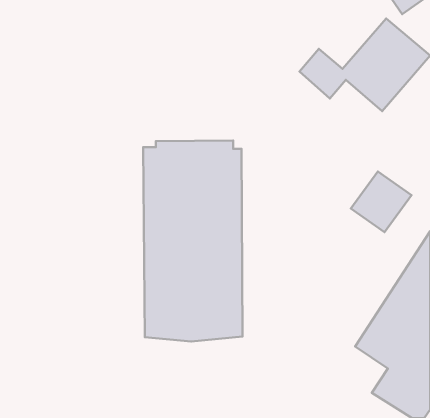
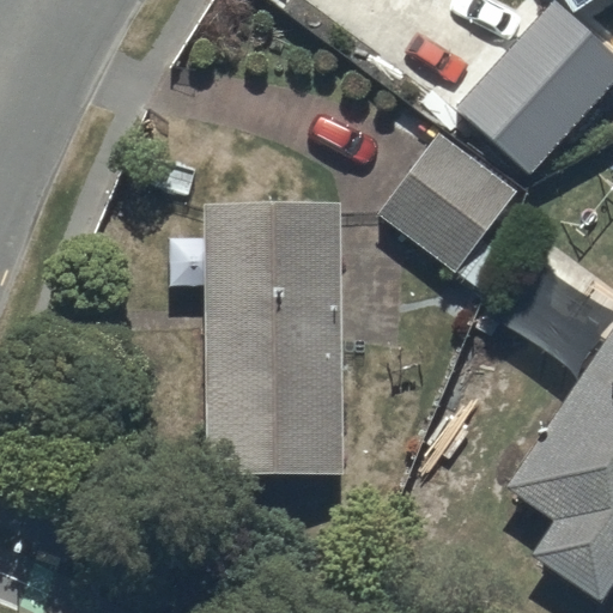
building: none -> [376,128,521,284]

